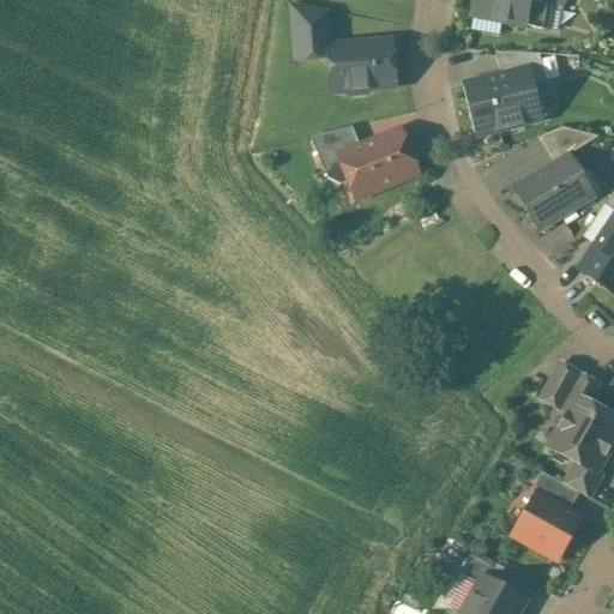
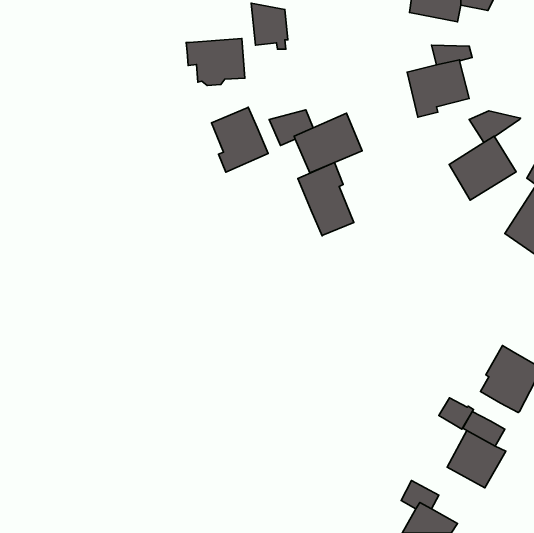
building: [327,41,395,95] -> [186,38,245,85]
building: none -> [211,107,268,172]
building: none -> [298,163,354,236]
building: [541,362,598,413] -> none
building: [562,462,602,498] -> [439,398,473,429]

